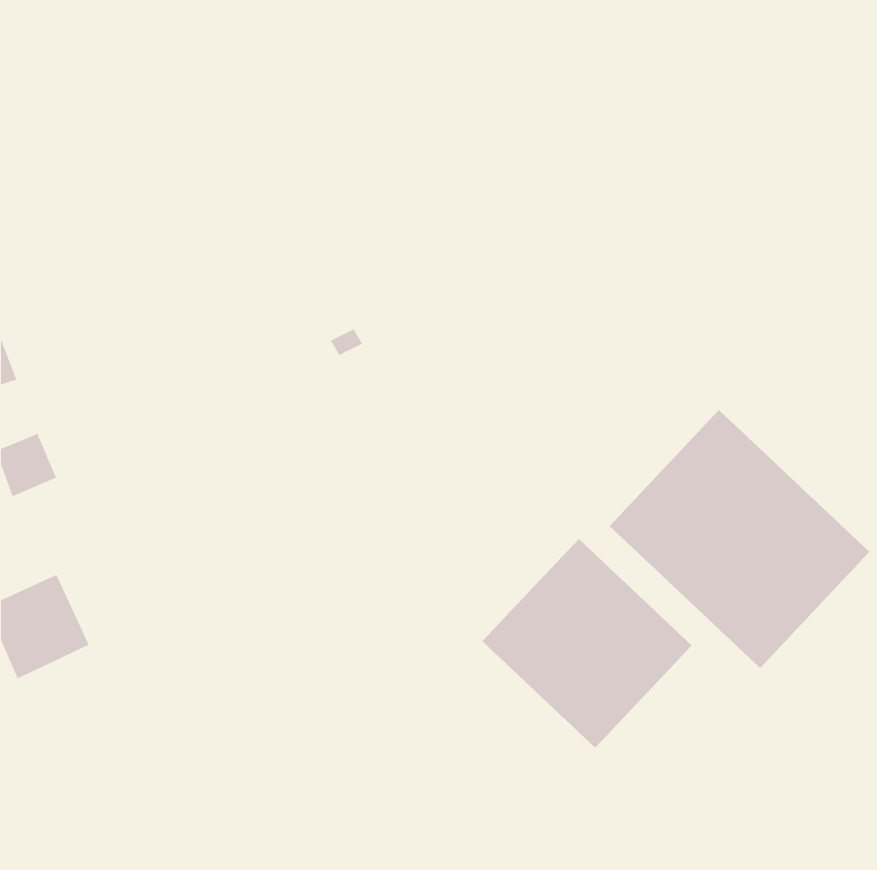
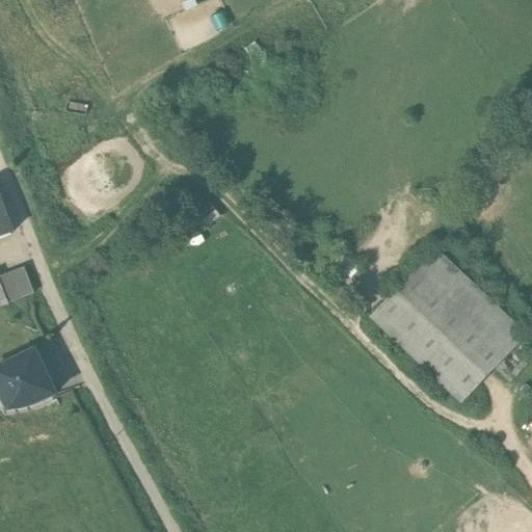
building: [481,538,693,749] -> none

